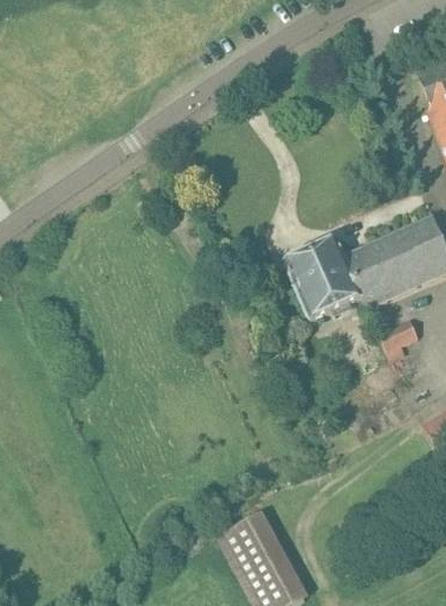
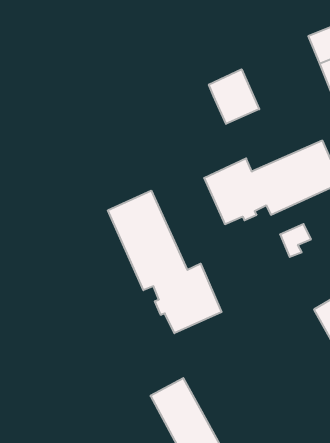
building: none -> [209,69,259,124]
building: none -> [108,191,222,333]

